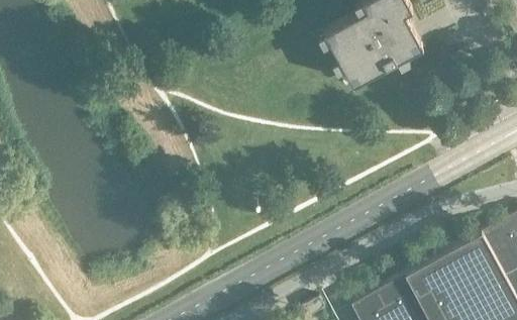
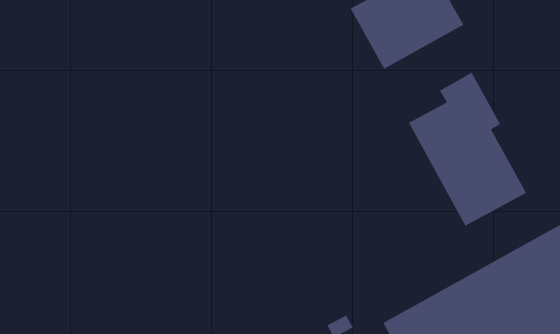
building: none -> [408,72,527,226]

